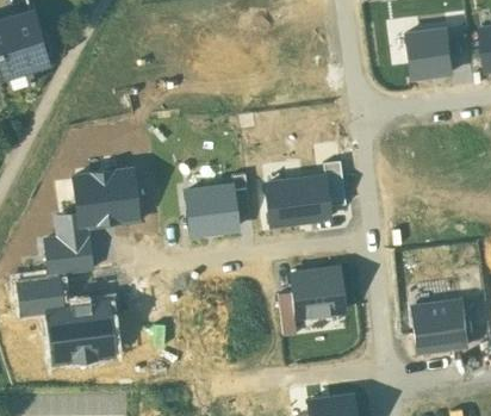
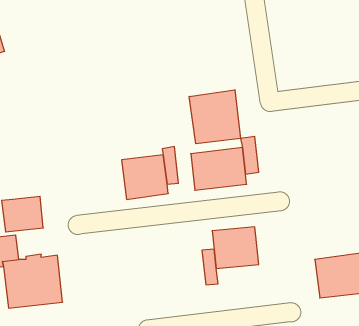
building: [405,30,454,77] -> none
building: none -> [189,90,240,144]
building: [55,169,144,236] -> none

